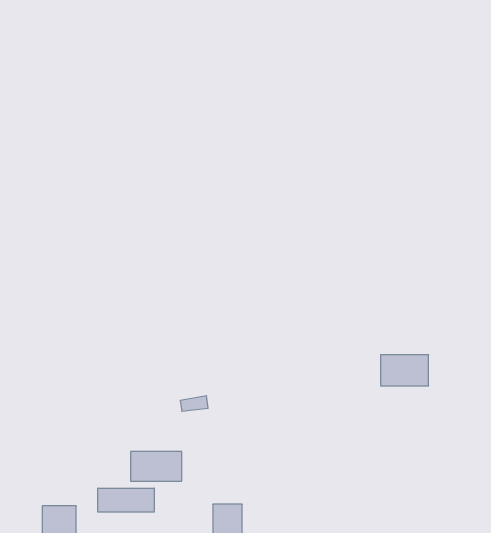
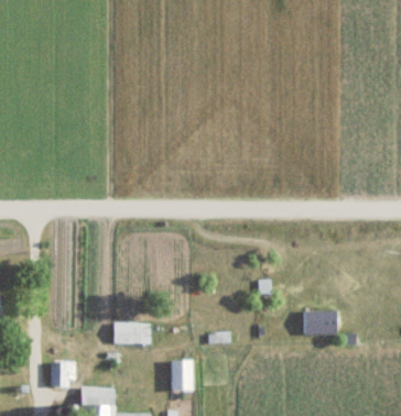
building: [381,355,429,386] -> [303,311,337,333]
building: [98,488,154,512] -> none

